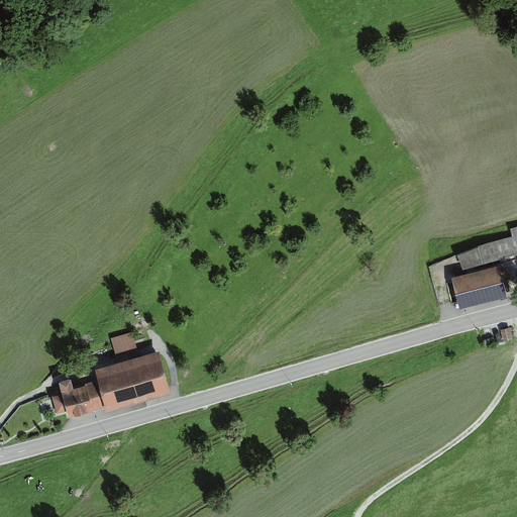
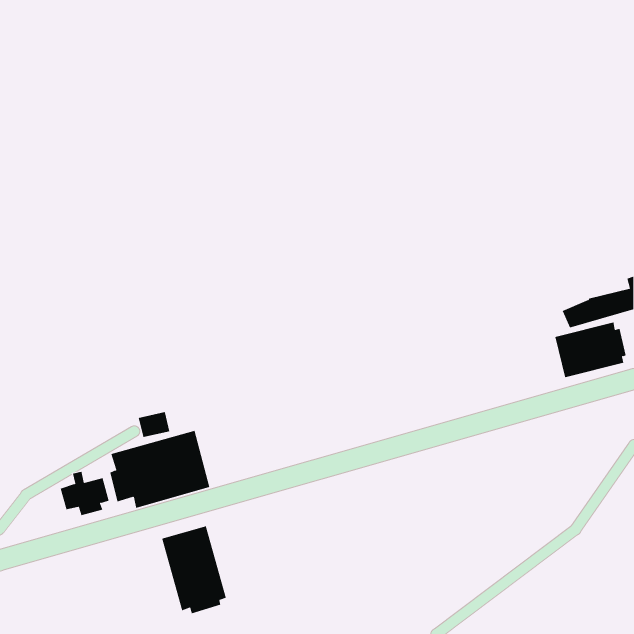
building: none -> [162,525,227,614]

